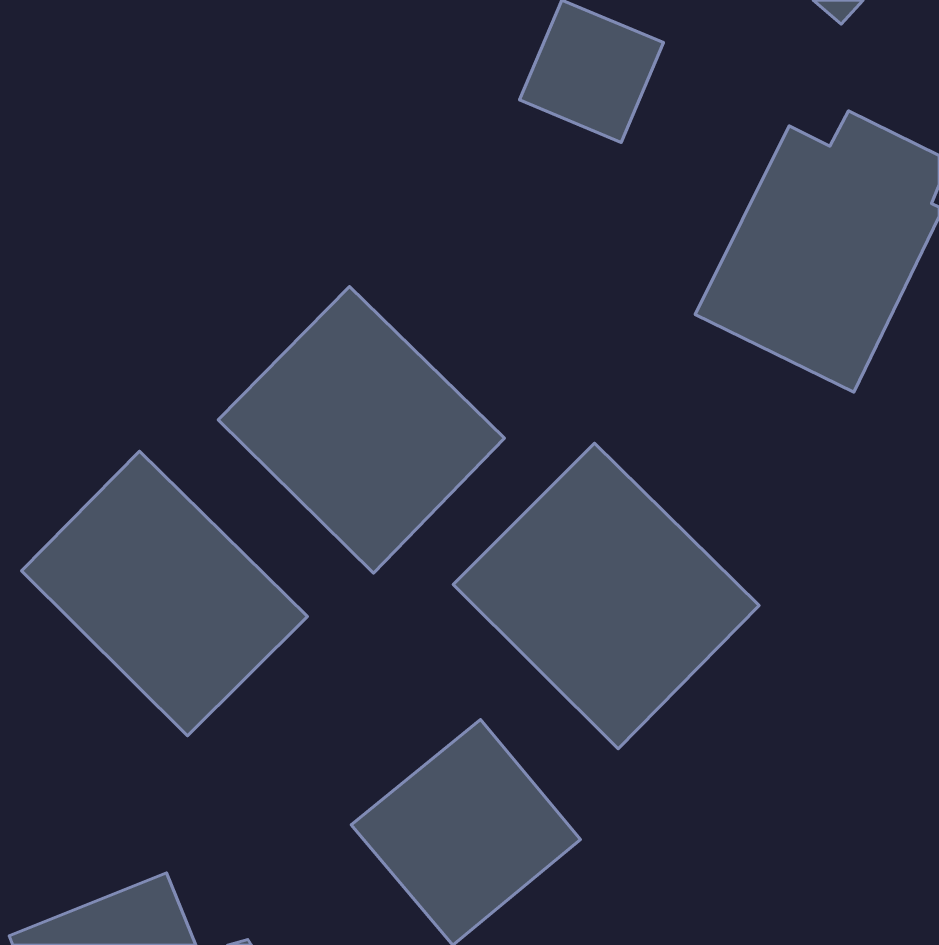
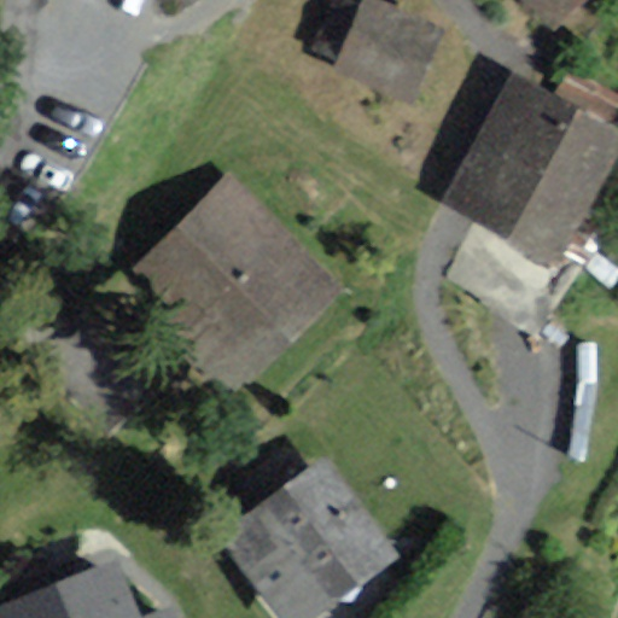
building: [453,443,759,749] -> none
building: [22,451,307,736] -> none

